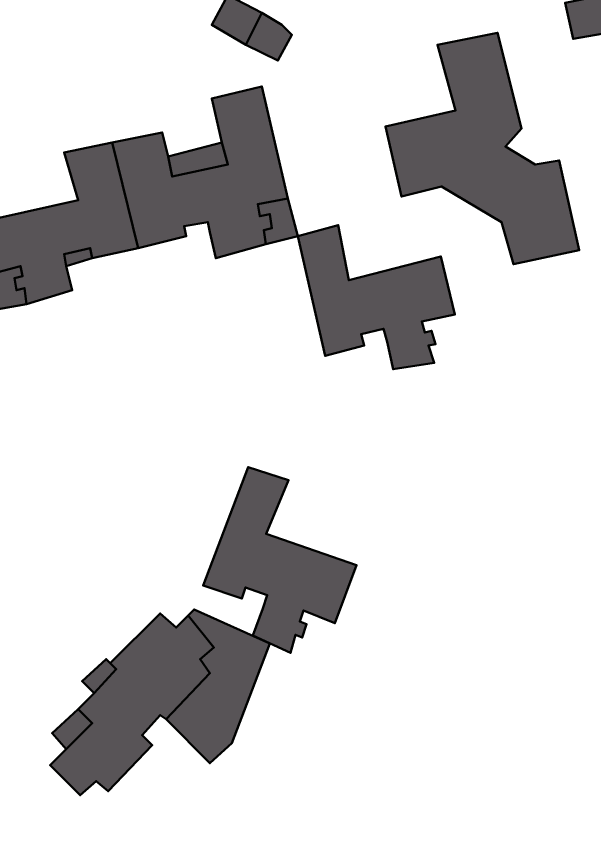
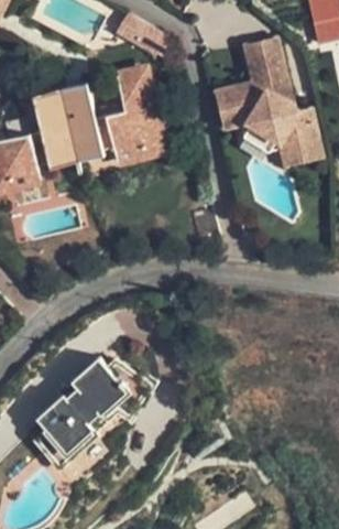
building: [298,225,455,369] -> none
building: [203,467,356,653] -> none

